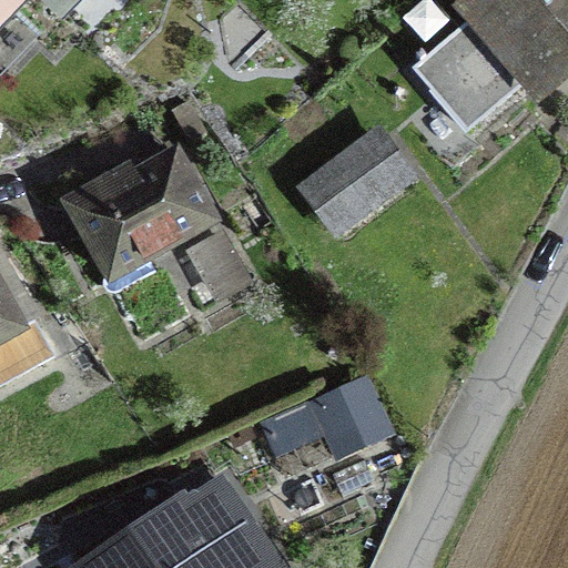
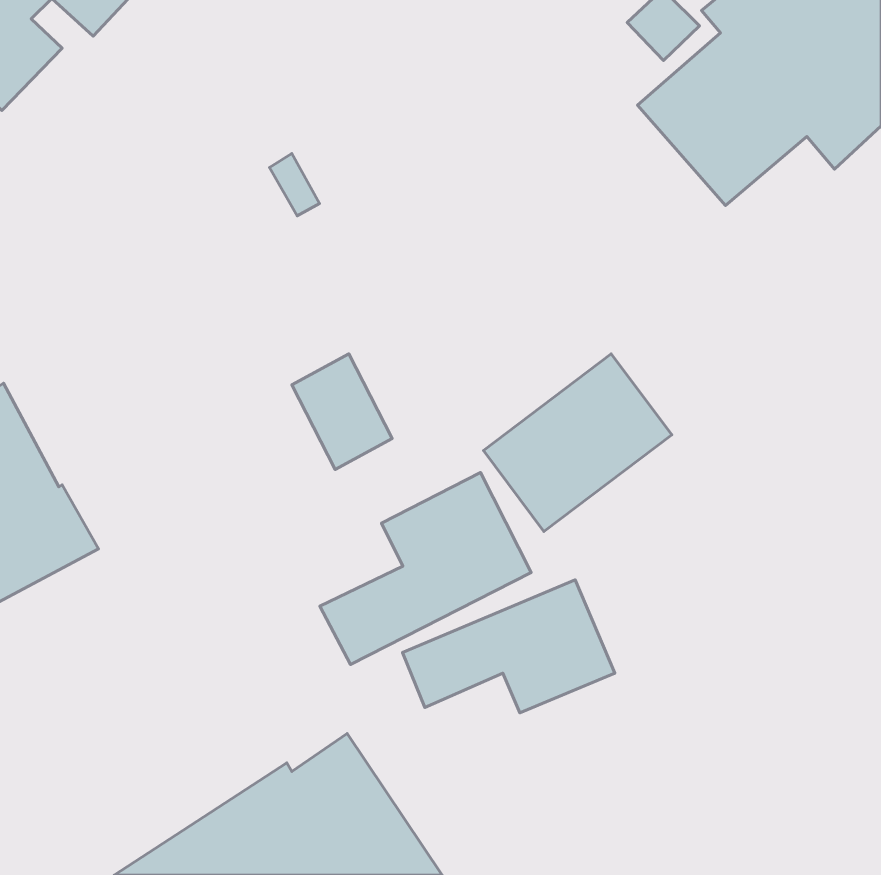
building: [296,124,417,239] -> [483,354,672,532]
building: [59,143,221,295] -> none
building: none -> [320,473,531,665]

